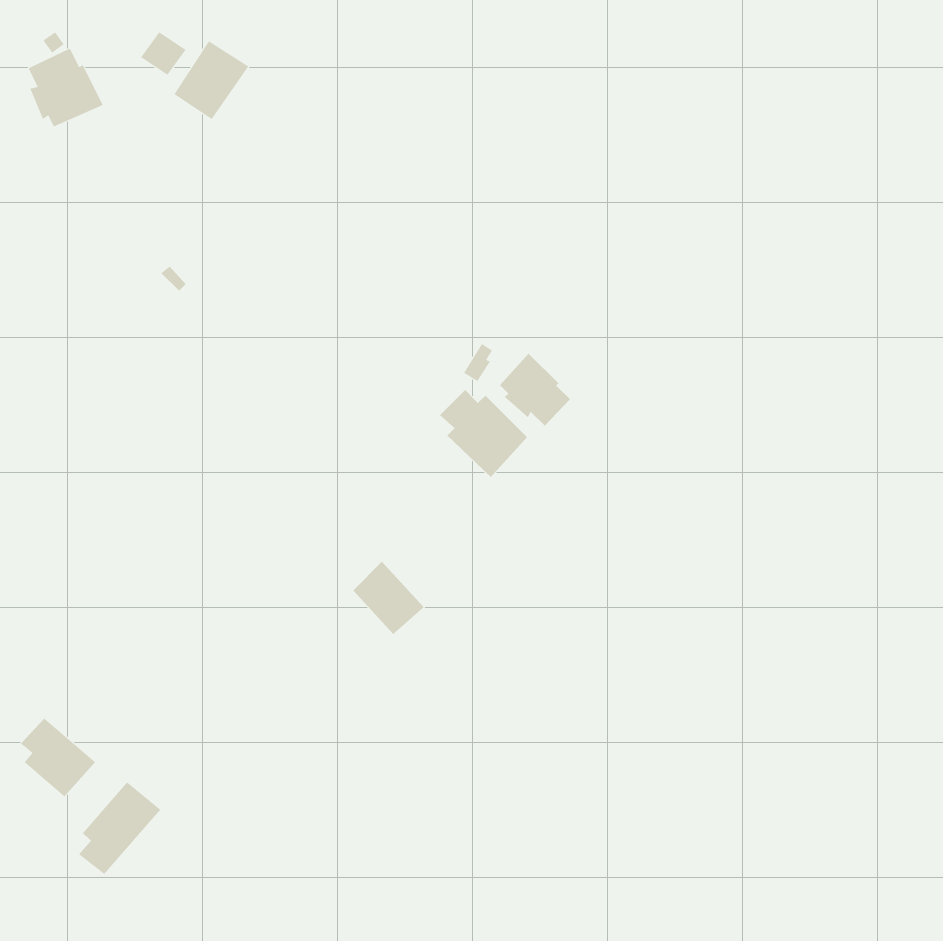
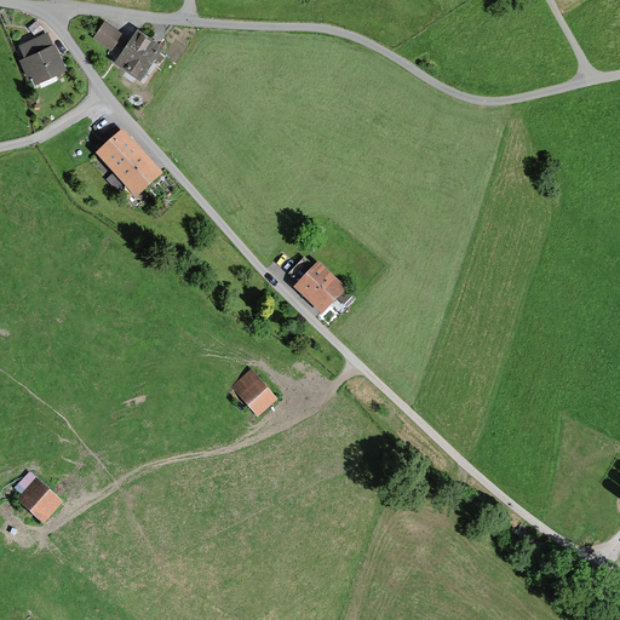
building: none -> [94,128,163,199]
building: [499,353,571,427] -> none
building: [78,781,161,875] -> none

